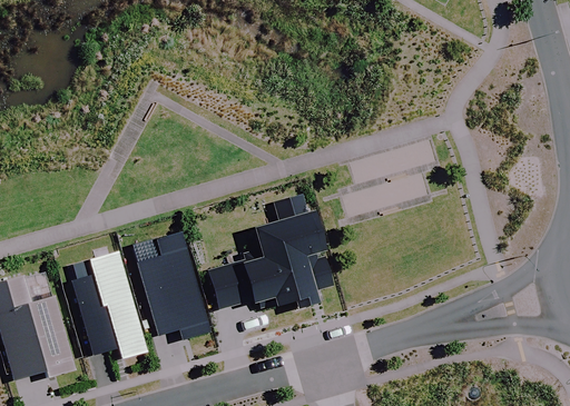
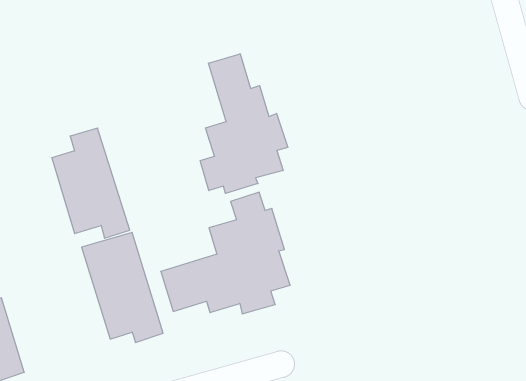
building: none -> [200,54,288,193]
building: [72,251,148,358] -> [52,128,130,238]

